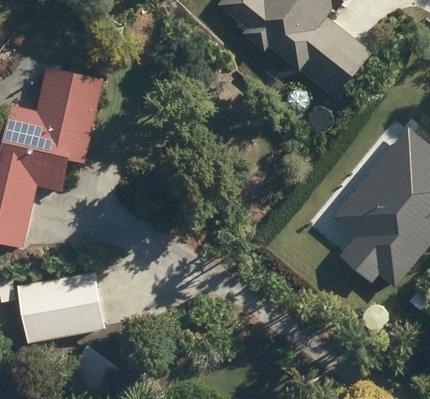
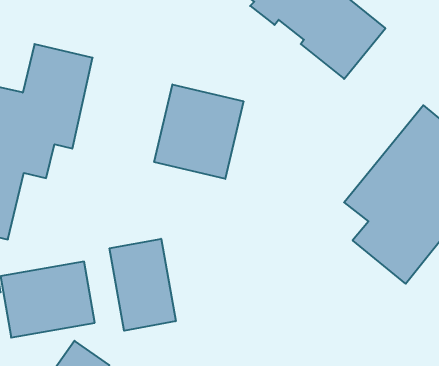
building: none -> [154,84,243,179]
building: none -> [110,239,176,331]

